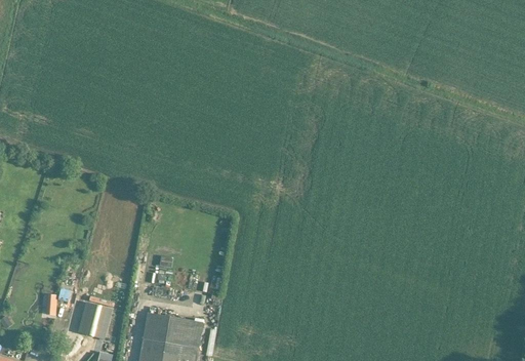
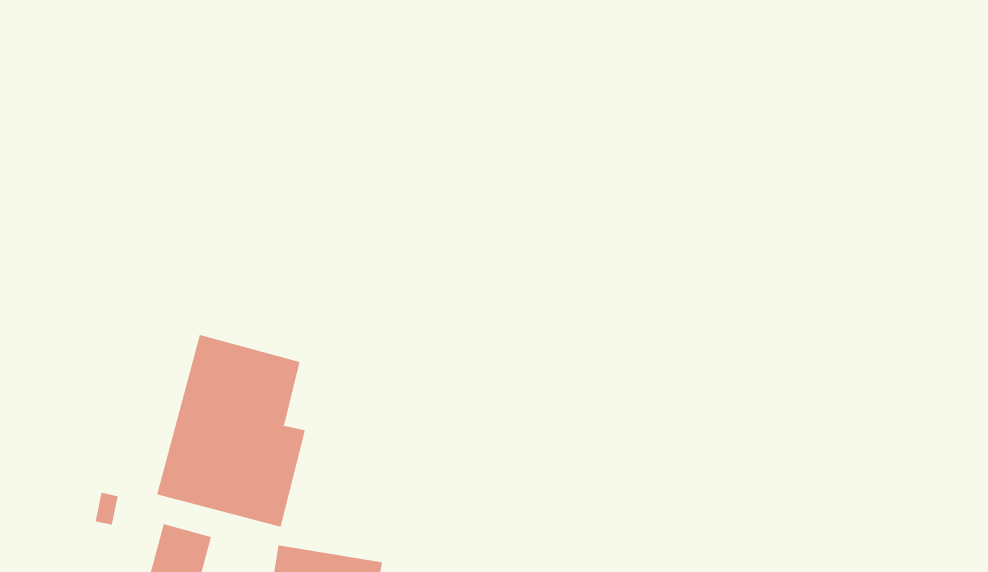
building: none -> [157,334,306,527]

